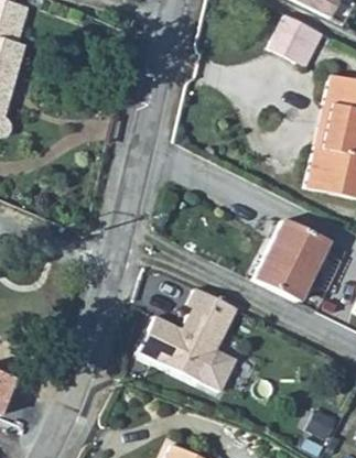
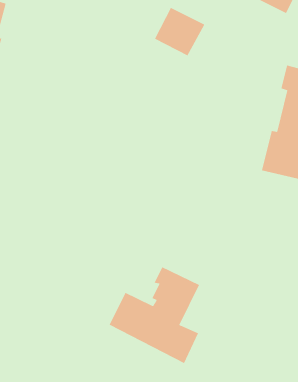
building: [261,9,316,62] -> [154,7,205,56]
building: [252,217,328,301] -> none

